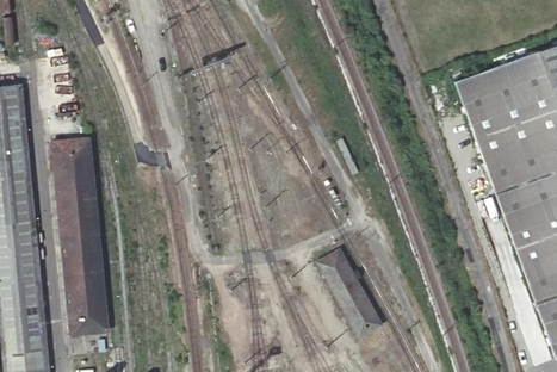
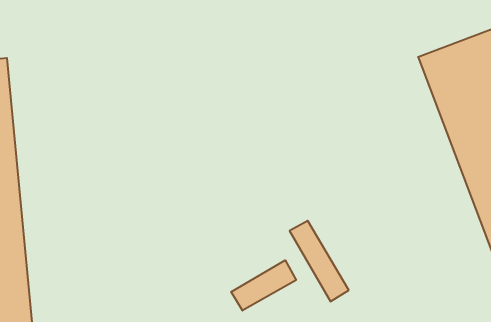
building: [55,137,109,334] -> none
building: none -> [231,260,296,311]

